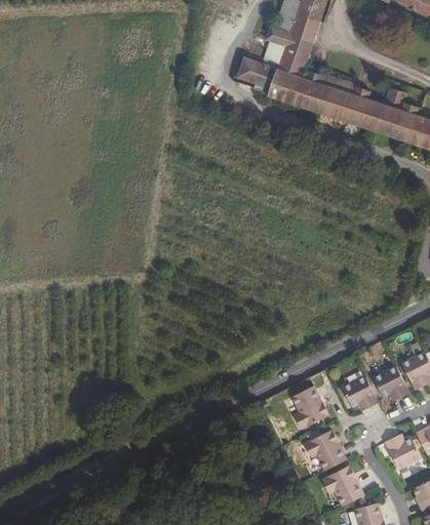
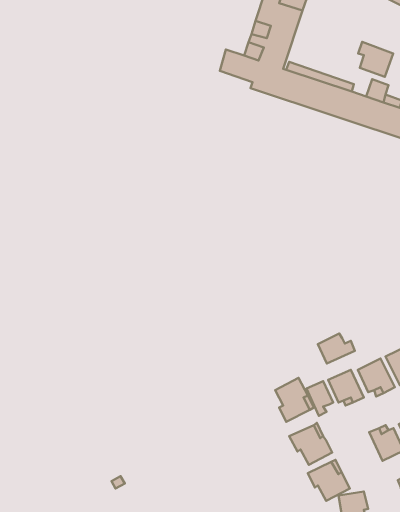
building: none -> [358,42,393,77]
building: none -> [318,334,355,364]
building: none -> [306,381,333,416]

